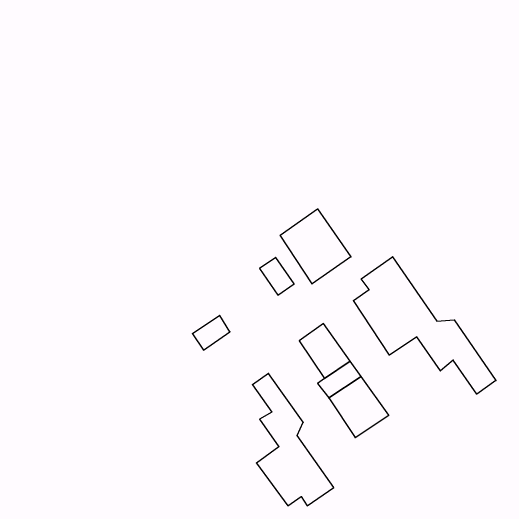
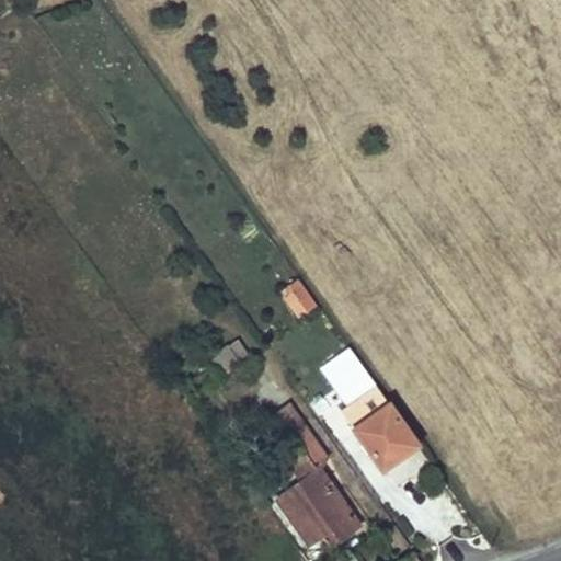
building: [280,209,351,284] -> none
building: [353,257,496,394] -> none

